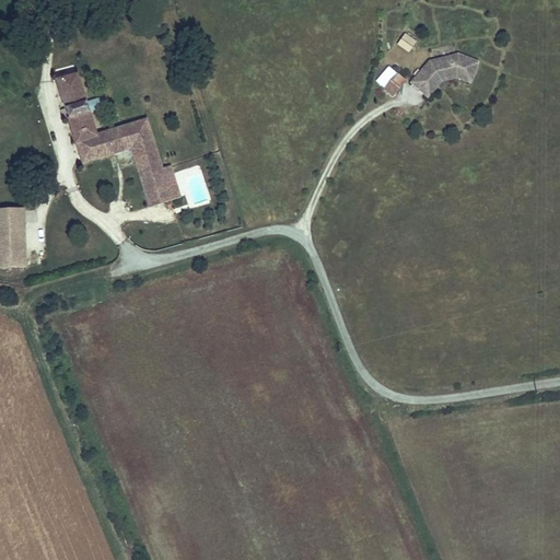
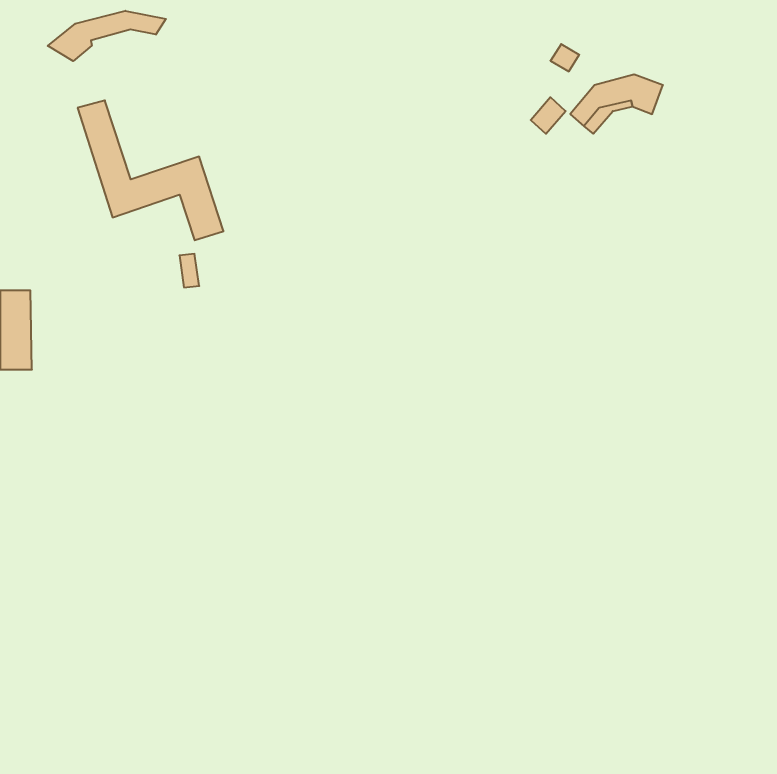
building: none -> [48,11,166,61]
building: [140,166,172,205] -> none

